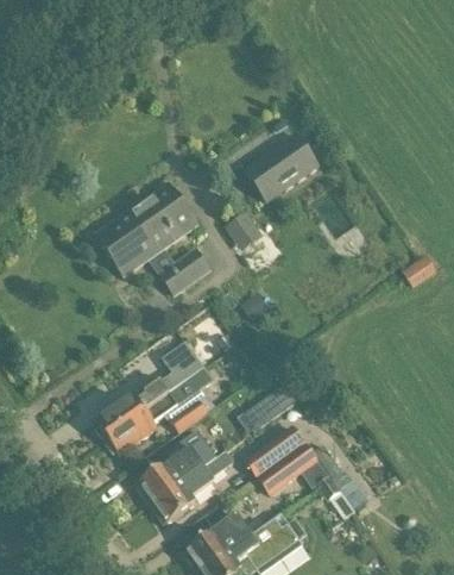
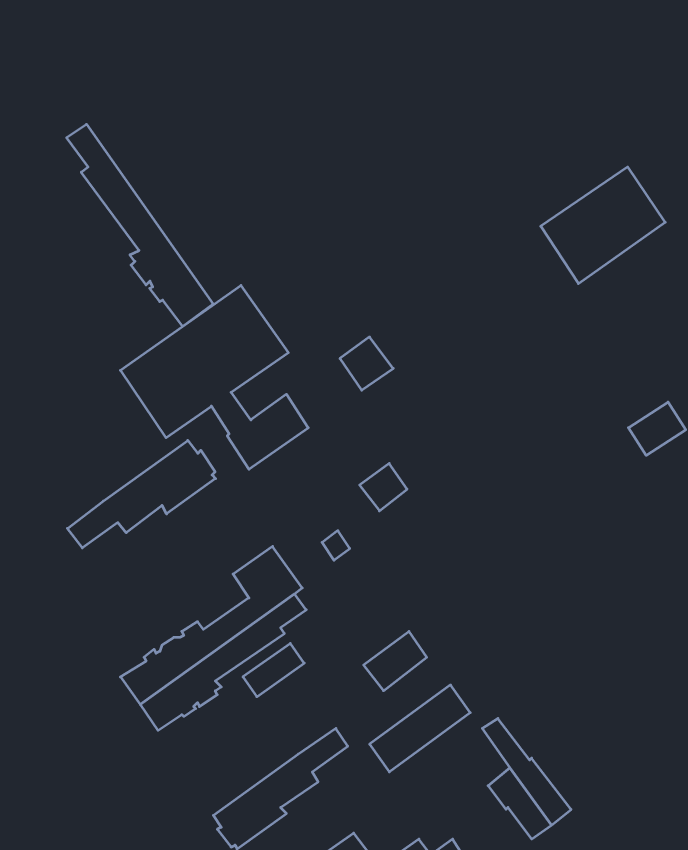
building: none -> [67,124,213,326]
building: [245,132,320,202] -> [541,167,665,284]
building: none -> [67,440,216,548]
building: [259,440,320,493] -> none
building: [138,446,204,502] -> none

